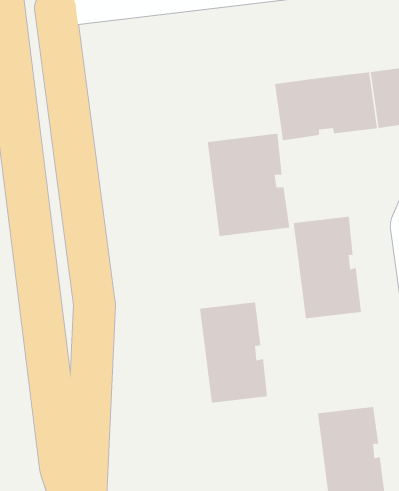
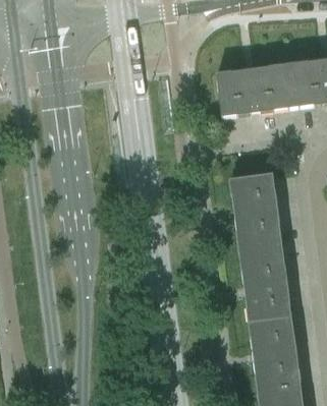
building: [207,133,290,237] -> none
building: [199,302,268,403] -> [239,244,291,321]

